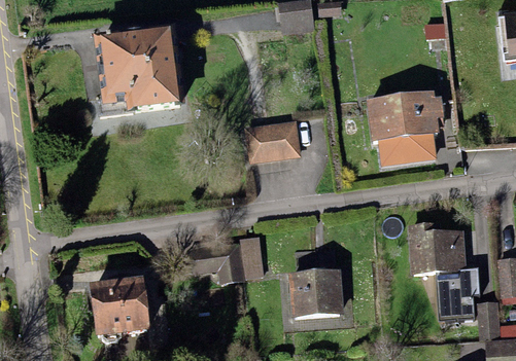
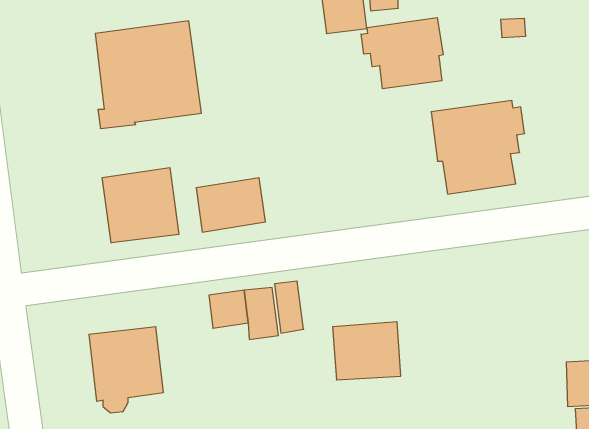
building: none -> [361,18,443,89]
building: [244,120,301,165] -> [196,178,265,232]
building: none -> [102,168,179,243]
building: [409,223,480,320] -> none

